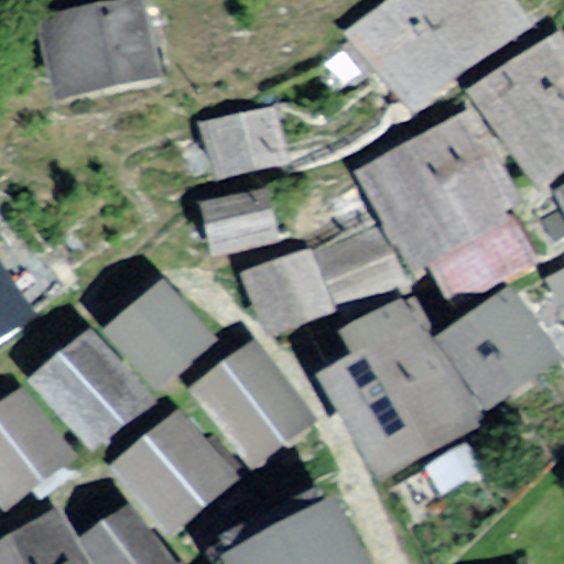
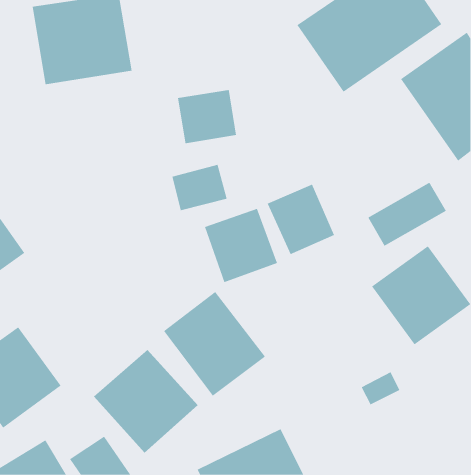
building: [362,111,512,259] -> none
building: [106,282,214,391] -> none
building: [325,305,469,475] -> none
building: [32,328,144,443] -> none

